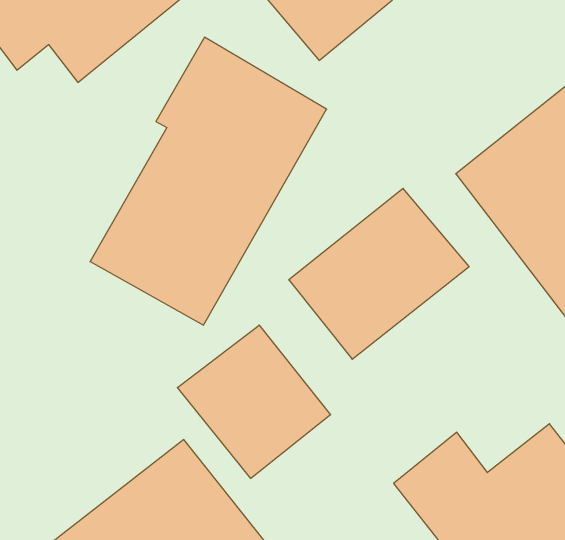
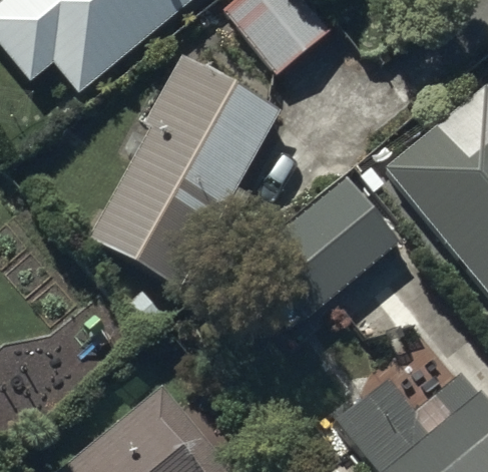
building: [177,325,331,478] -> none

